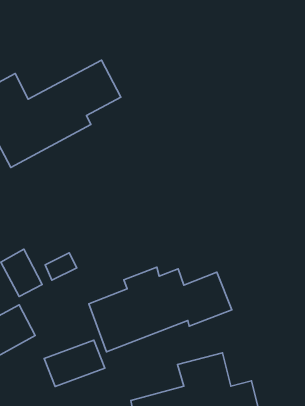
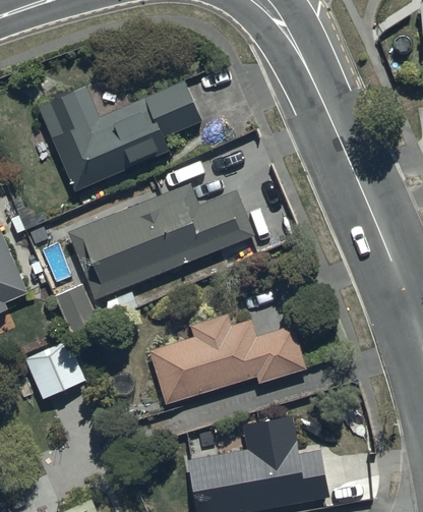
building: none -> [69,185,255,297]
building: [44,340,105,387] -> none

